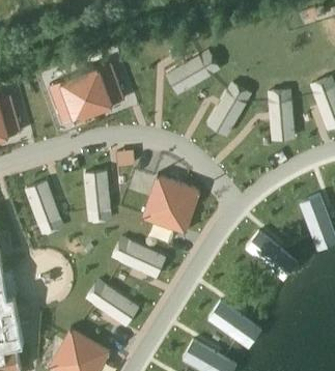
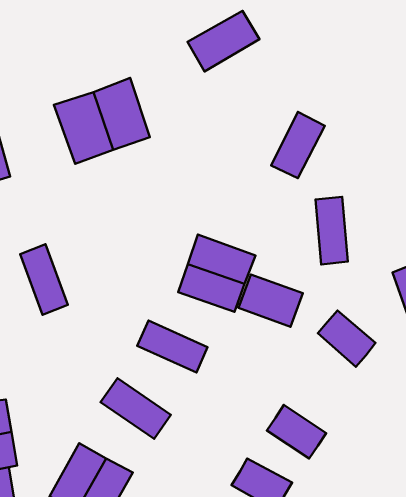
building: [167,49,220,93] -> [188,11,260,71]
building: [271,91,295,141] -> [315,197,348,264]
building: [85,173,110,223] -> none
building: none -> [238,274,303,327]

